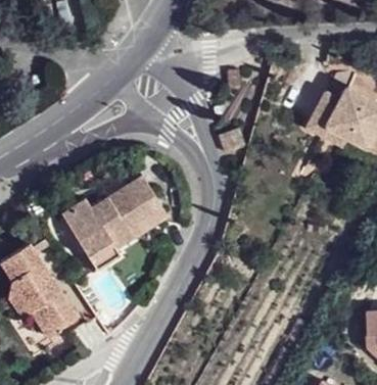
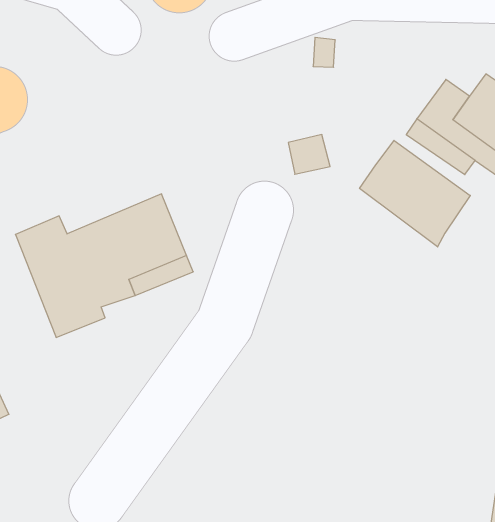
building: none -> [360,140,470,247]

